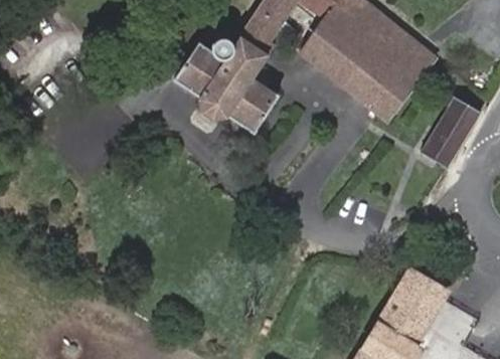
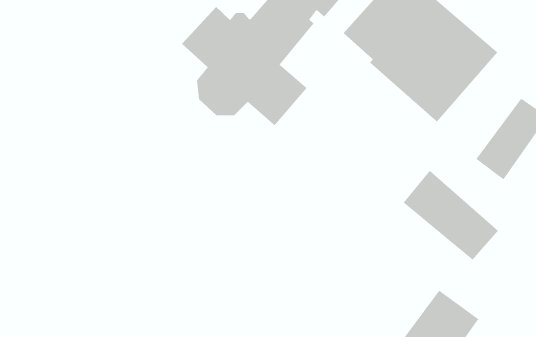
building: none -> [403,170,499,261]

